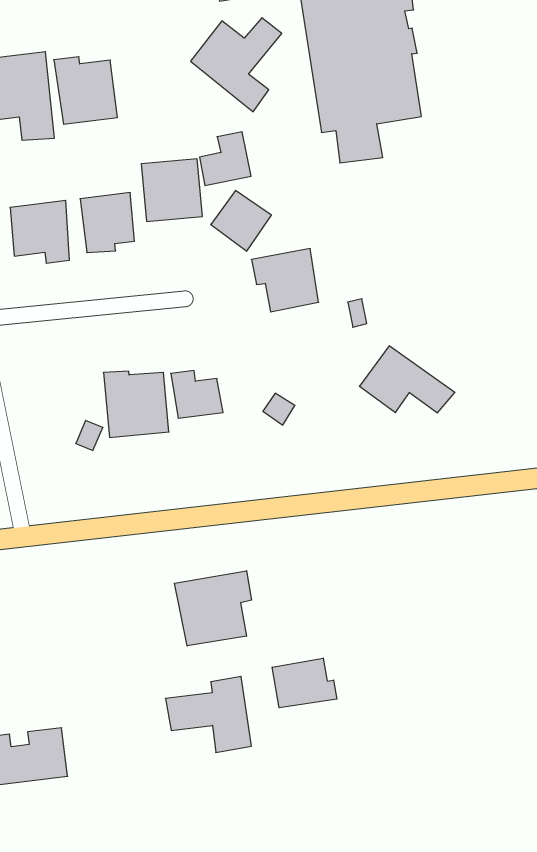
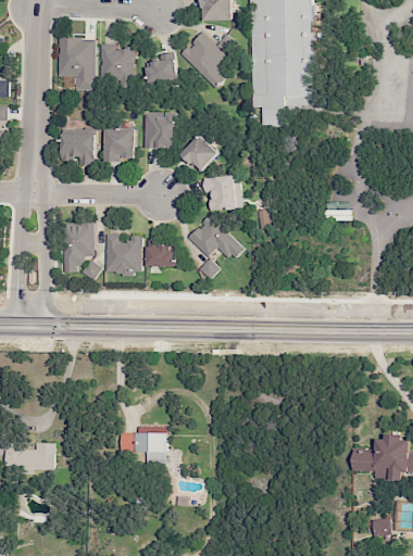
building: [200,132,251,186] -> [147,52,176,81]
building: [359,346,455,413] -> [187,216,243,260]
building: none -> [62,223,93,273]
building: [174,571,251,646] -> none
building: [272,658,337,708] -> none

